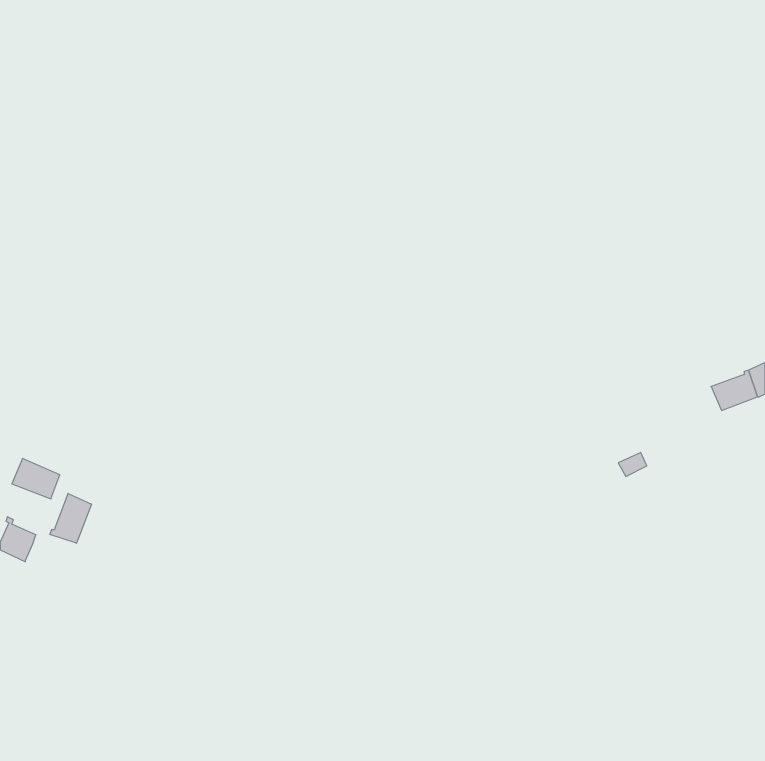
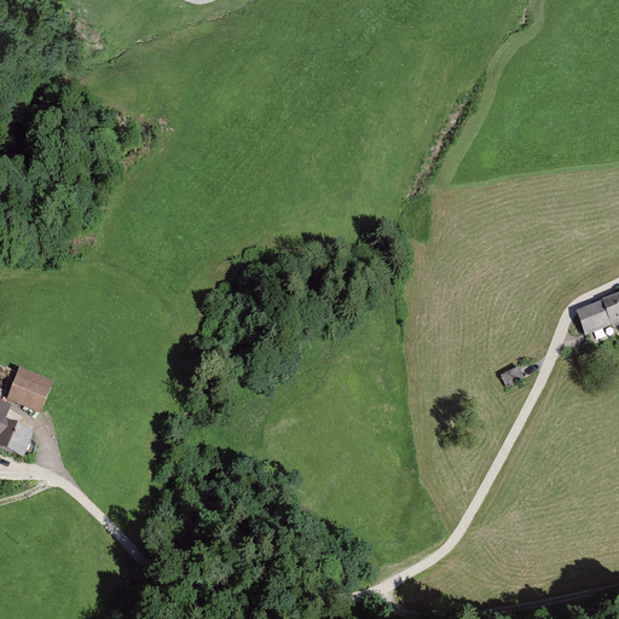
building: [50,493,91,543] -> none

